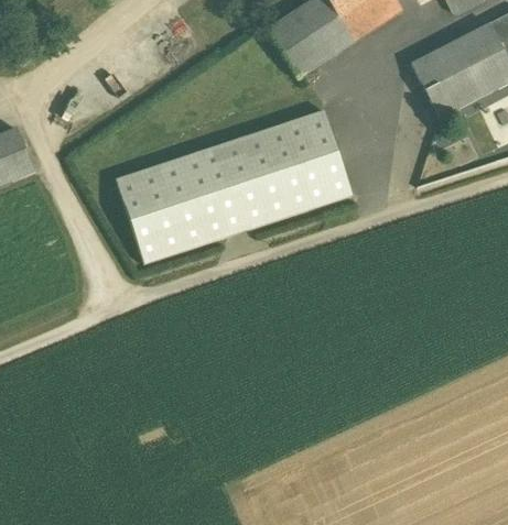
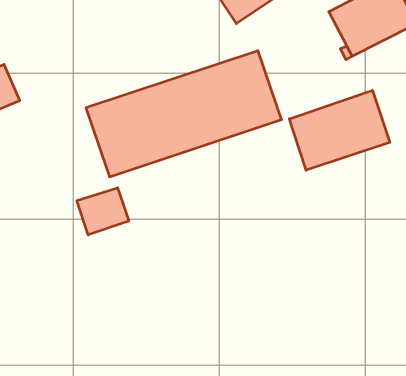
building: none -> [289,90,390,170]
building: none -> [77,188,129,235]

